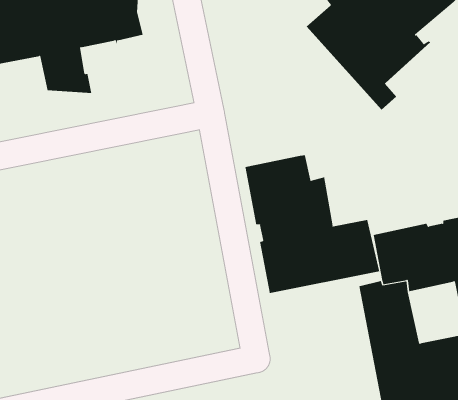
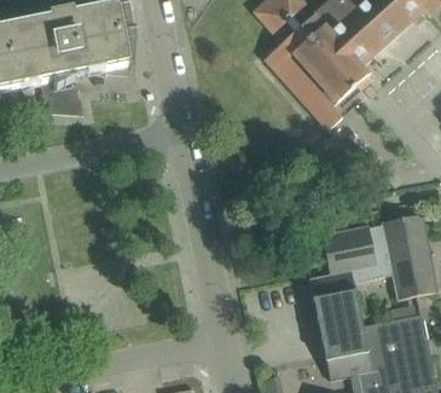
building: [245,155,380,294] -> none

